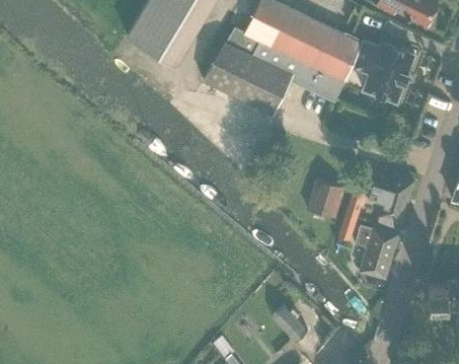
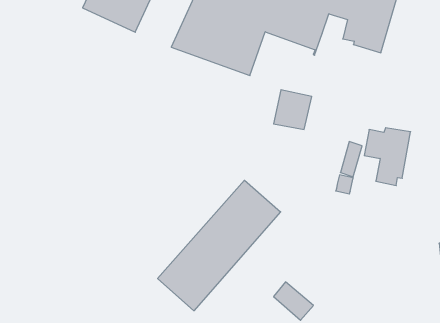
building: [307,179,345,218] -> [274,90,312,129]
building: none -> [158,180,281,311]
building: [350,228,398,279] -> none

